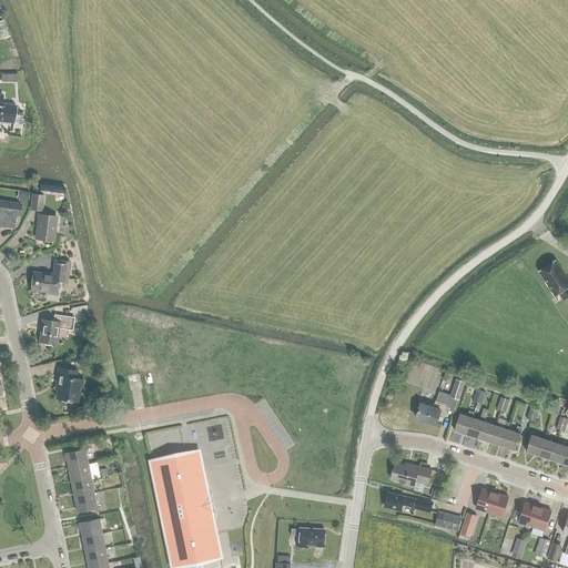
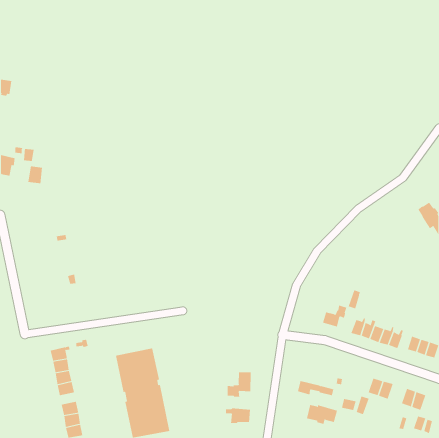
building: [30,258,70,295] -> none
building: [39,314,73,343] -> none
building: [55,367,83,400] -> none
building: [390,462,432,487] -> [306,405,338,424]
building: none -> [227,372,251,398]

